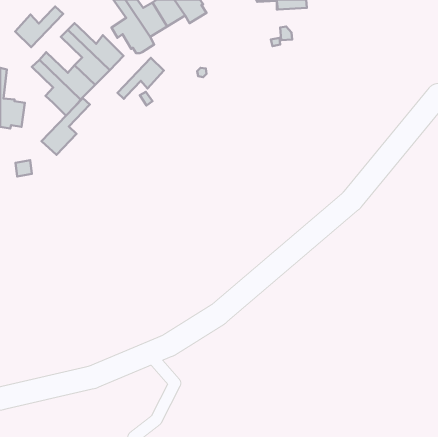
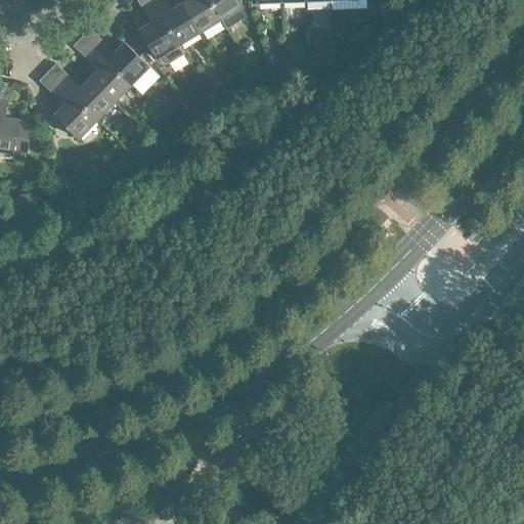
building: [15,6,63,47] -> none
building: [117,58,164,99] -> none
building: [42,98,90,155] -> none

